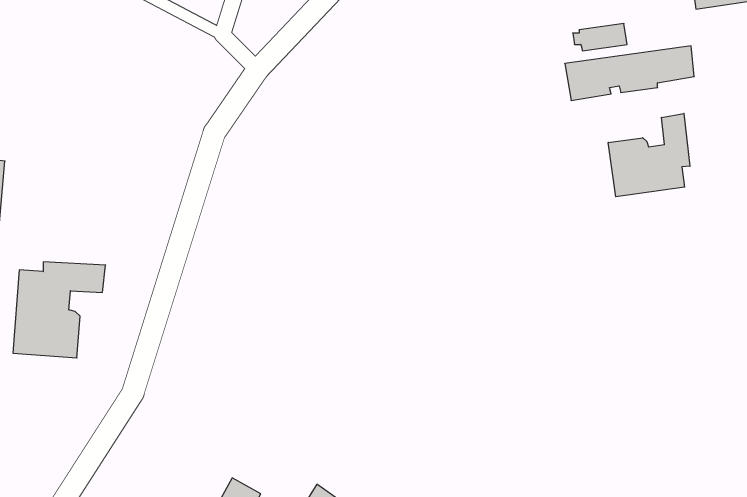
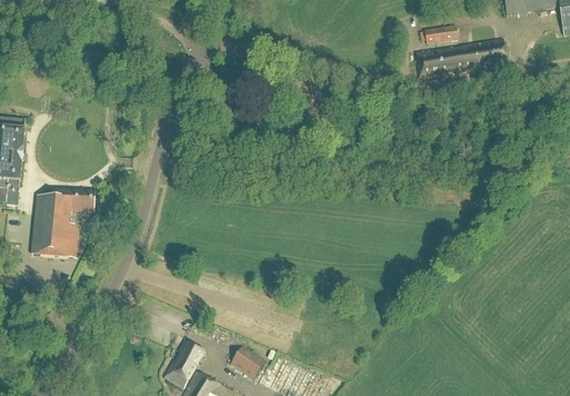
building: [608,113,690,197] -> none

